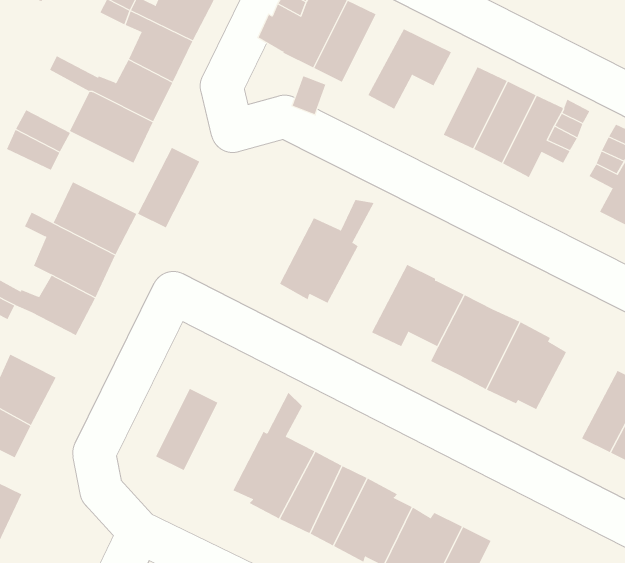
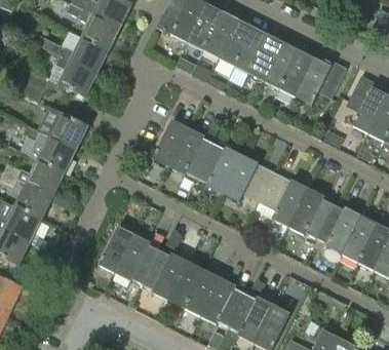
building: none -> [204,11,239,57]
building: none -> [234,33,281,80]
building: [137,147,200,228] -> [152,119,188,165]
building: none -> [196,144,241,193]
building: none -> [14,182,52,219]
building: none -> [315,204,361,254]
building: none -> [114,233,159,283]

